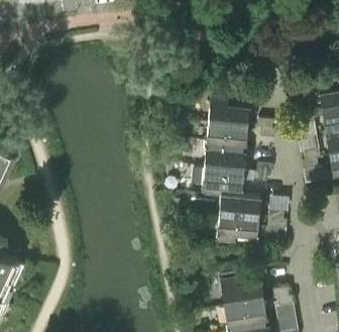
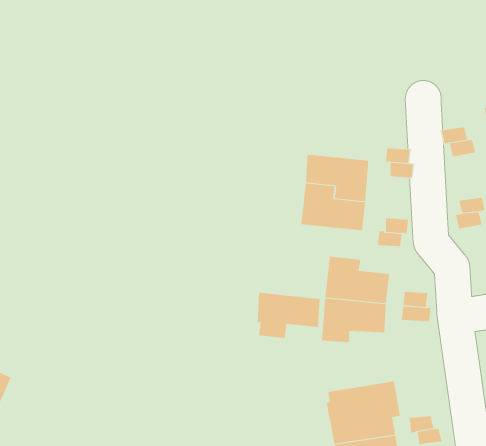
building: [207,97,248,128] -> none
building: [202,169,242,198] -> [257,292,321,339]

